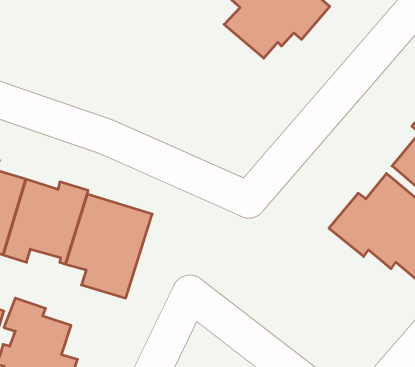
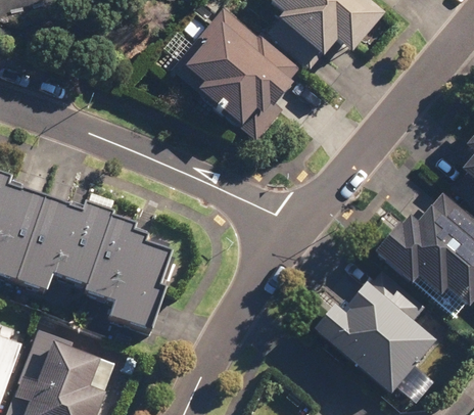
building: none -> [172,10,298,126]
building: none -> [316,269,439,396]

